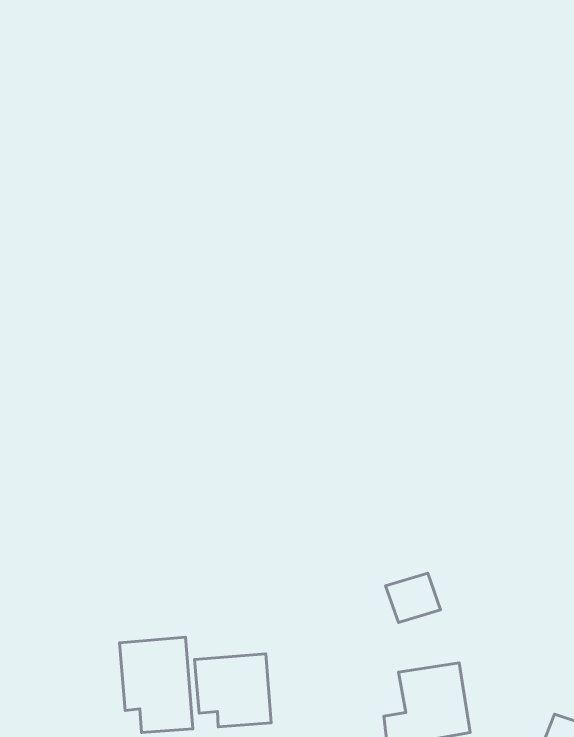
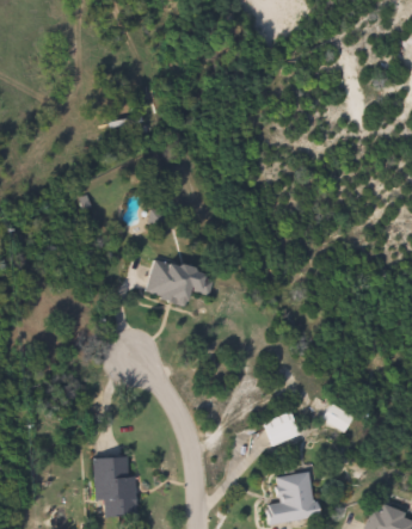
building: none -> [147,262,217,301]
building: [194,654,271,727] -> none

